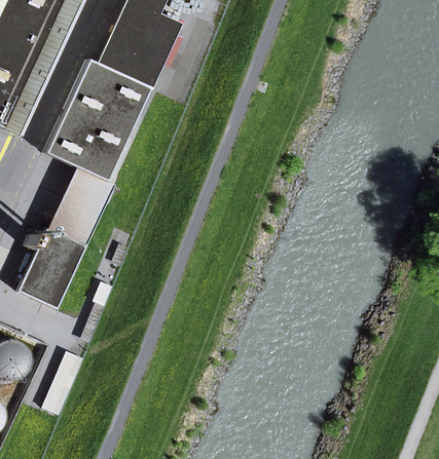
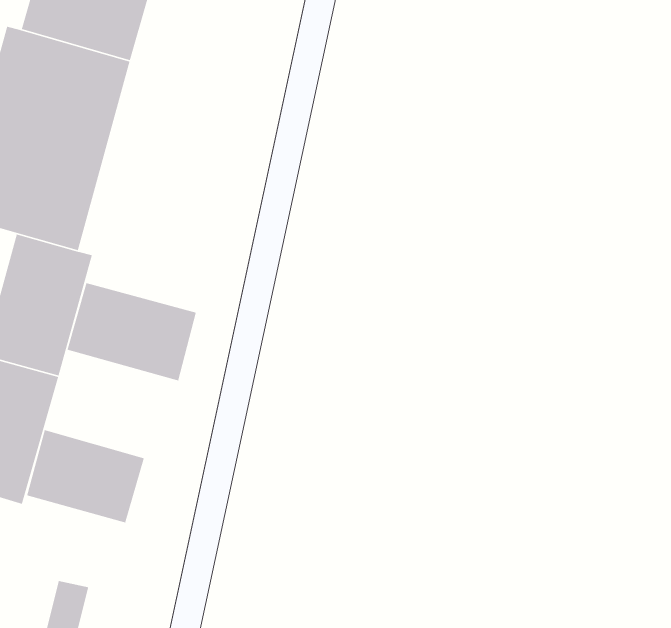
building: none -> [66,282,197,381]
building: none -> [26,429,145,524]

